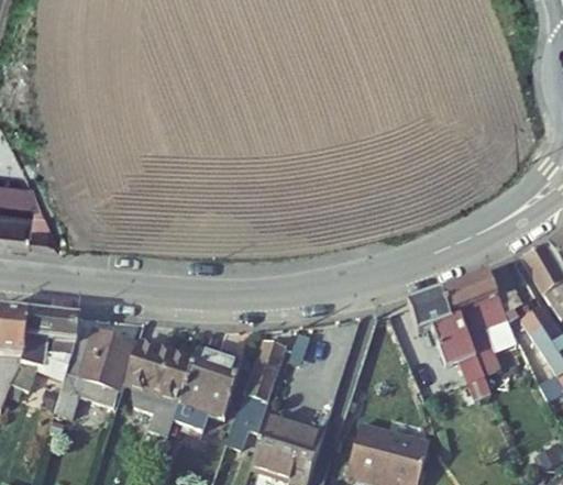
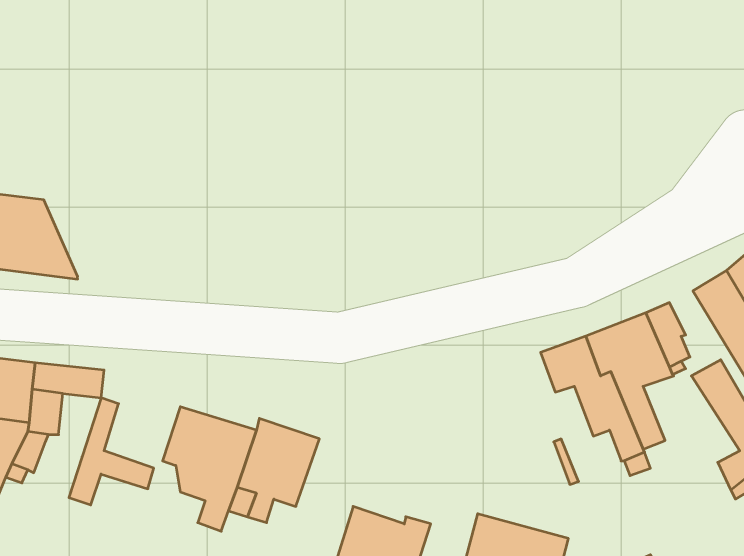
building: [79,328,132,388] -> none
building: [35,332,77,379] -> none
building: [225,340,285,447] -> none

